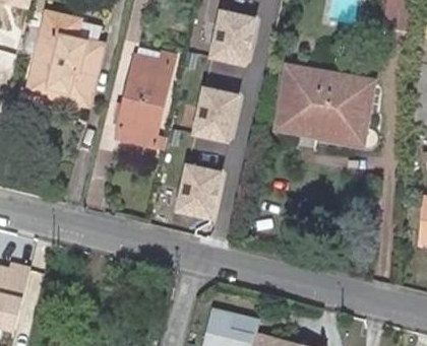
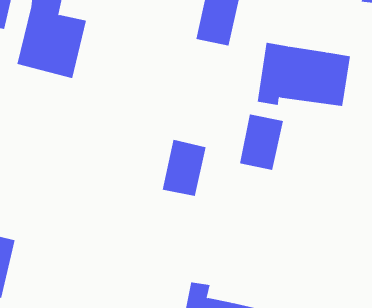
building: [118,53,172,143] -> none
building: [197,89,243,147] -> [239,114,284,170]

